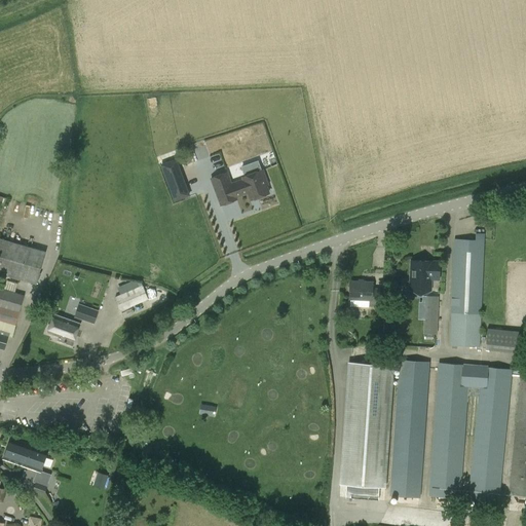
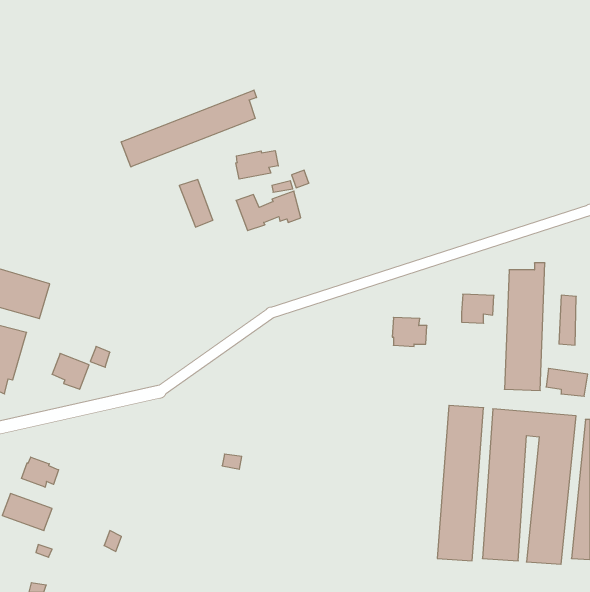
building: none -> [121,90,256,167]
building: none -> [236,151,278,179]
building: [114,285,147,310] -> none
building: [422,290,438,334] -> [559,295,576,345]
building: [338,359,393,500] -> none
building: none -> [21,457,59,487]

